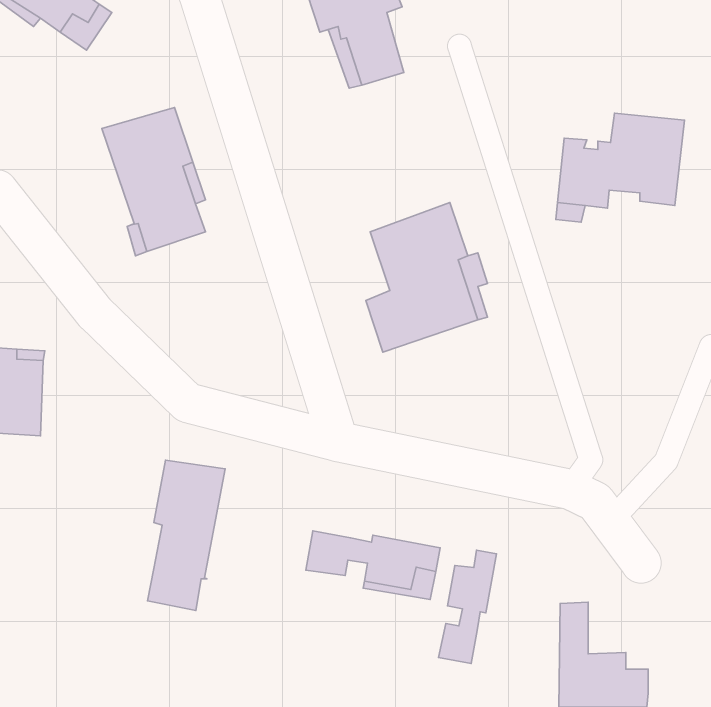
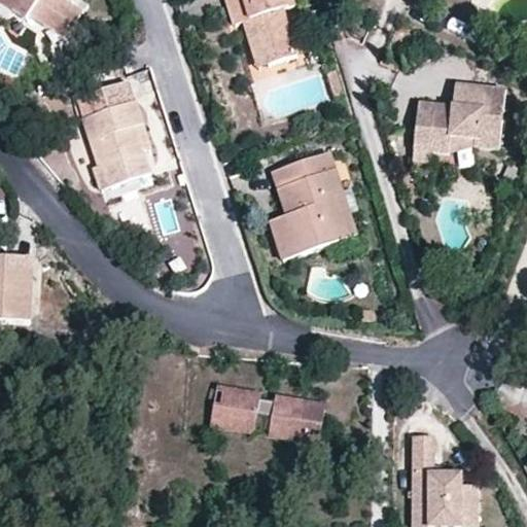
building: [148,460,225,611] -> none
building: none -> [210,384,259,429]
building: [438,550,496,664] -> none

